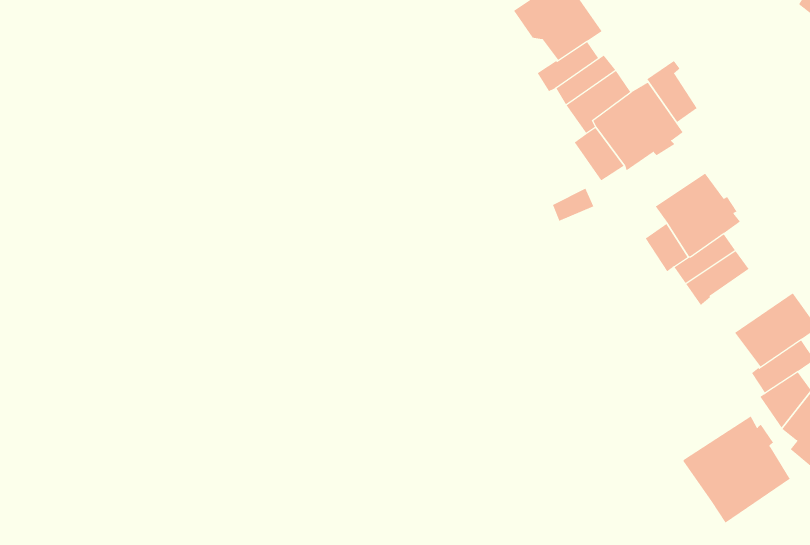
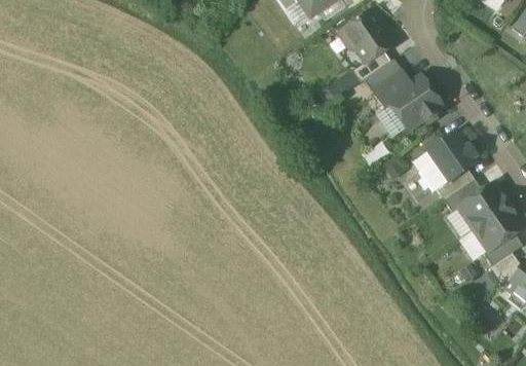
building: [646,60,698,123] -> none
building: none -> [459,181,510,228]
building: [683,415,791,524] -> none

